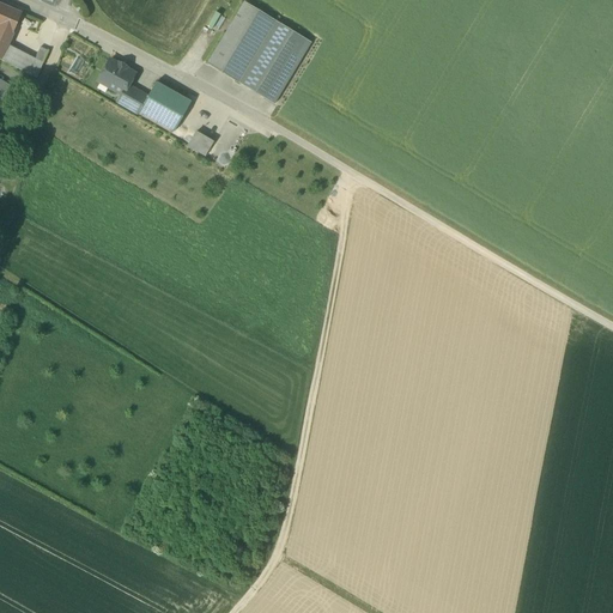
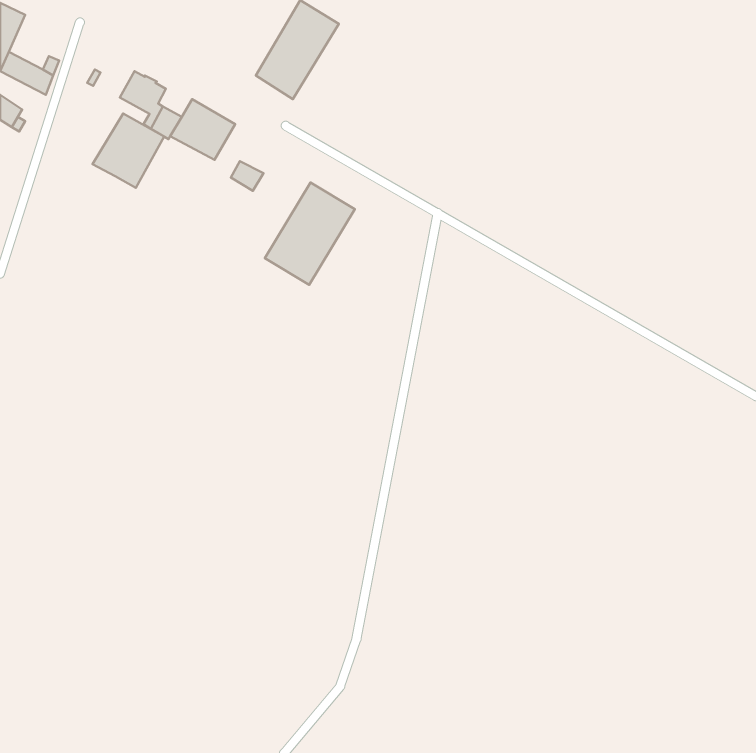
building: [237,19,310,102] -> [265,183,355,285]
building: none -> [92,114,164,188]

